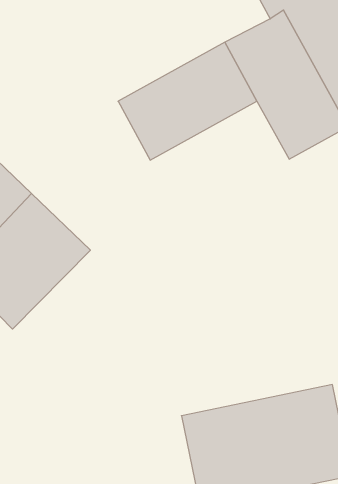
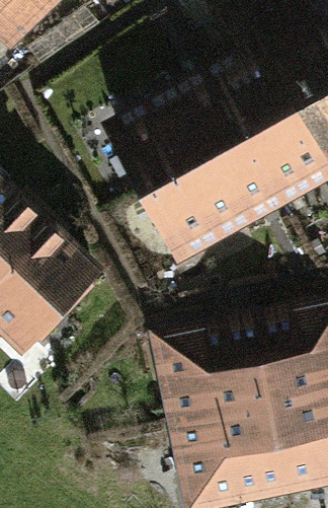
building: none -> [149,145,275,251]
building: none -> [169,321,315,432]

